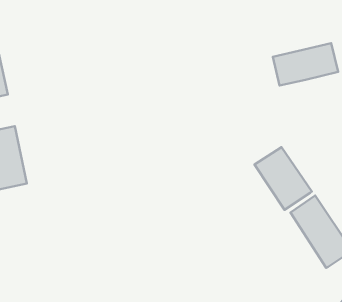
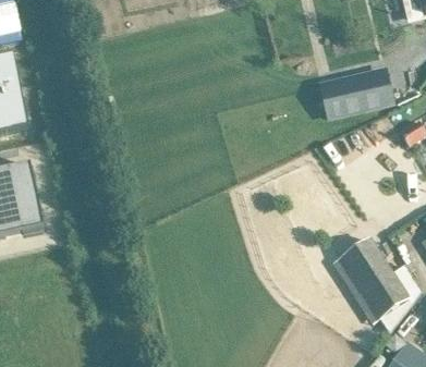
building: [255,147,312,210] -> none

